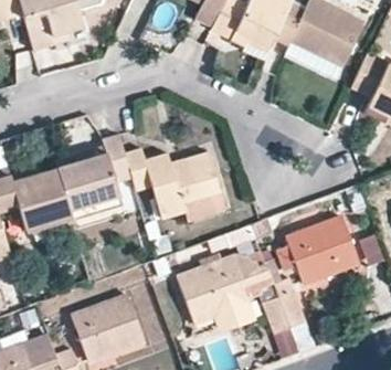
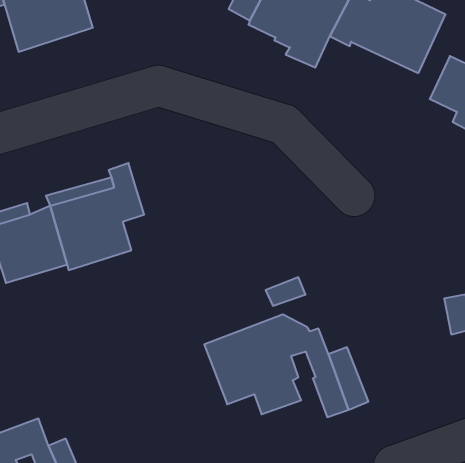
building: [125,150,225,221] -> none
building: [276,215,361,285] -> none
building: [71,294,146,361] -> none

